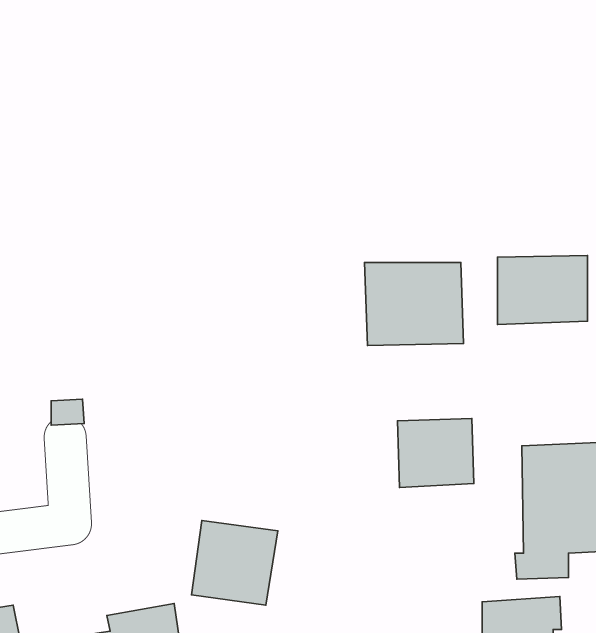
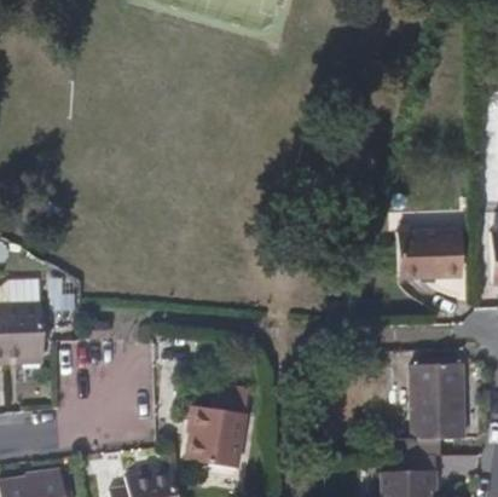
building: [365,262,464,346] -> none
building: [398,418,474,487] -> none

